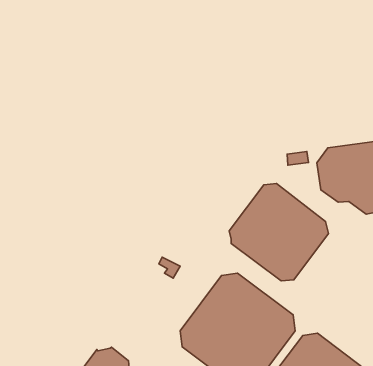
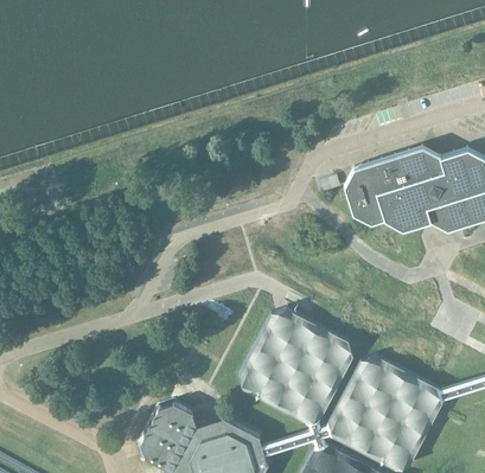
building: [229,184,328,281] -> none

